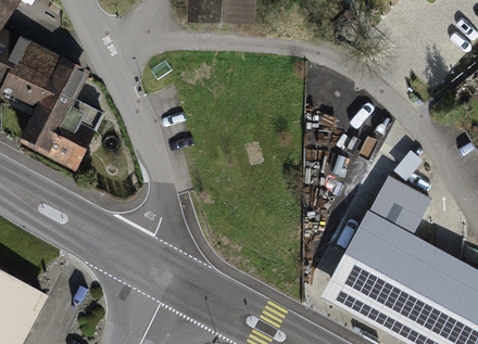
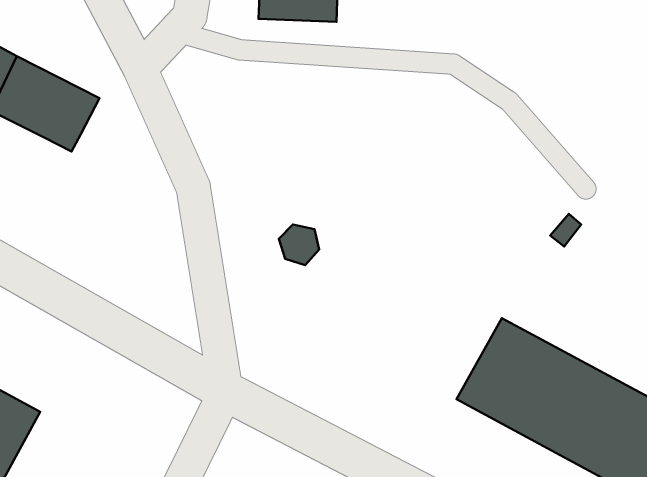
building: [27,97,103,158] -> none
building: [370,176,430,232] -> none

